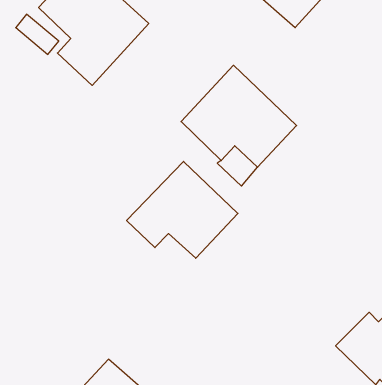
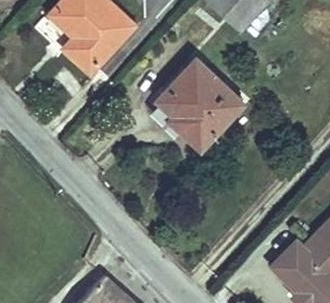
building: [127,161,238,258] -> none

